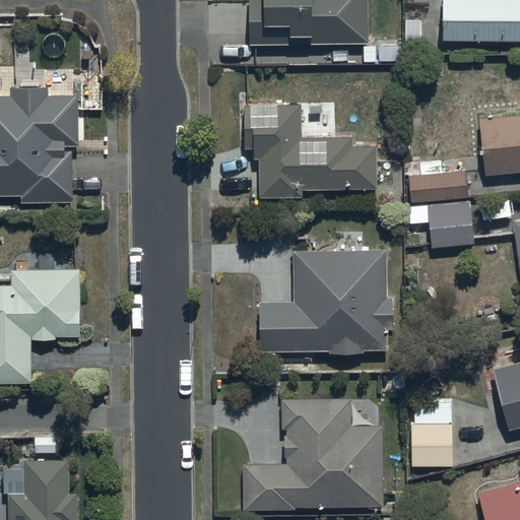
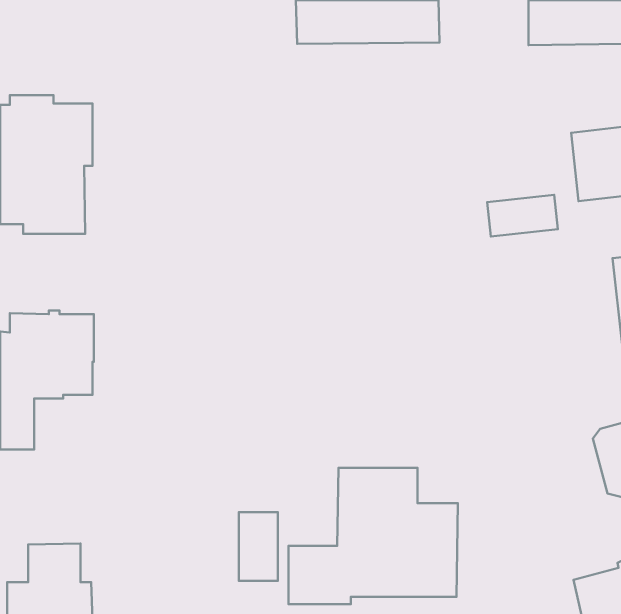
building: [243,104,377,196] -> none
building: [406,198,472,248] -> none
building: [258,249,392,351] -> none
building: [410,424,452,466] -> none
building: none -> [239,512,278,581]

